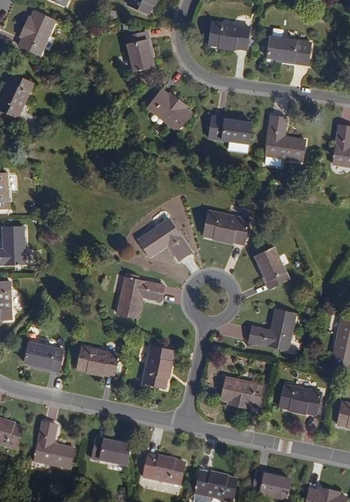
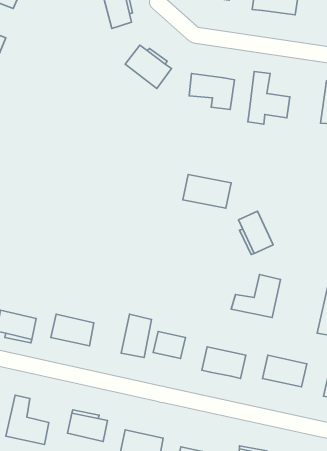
building: [136,219,189,260] -> none
building: [116,280,163,321] -> none
building: none -> [153,332,186,359]

